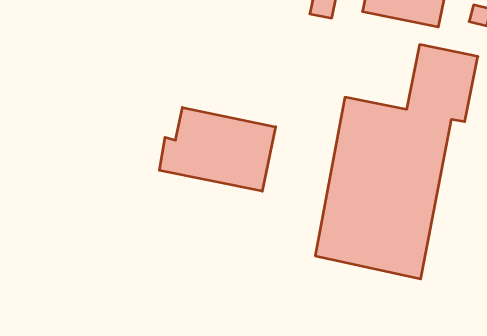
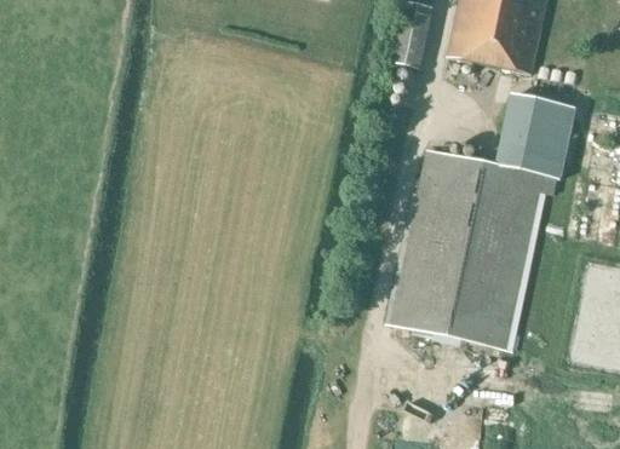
building: [159,107,276,191] -> none

